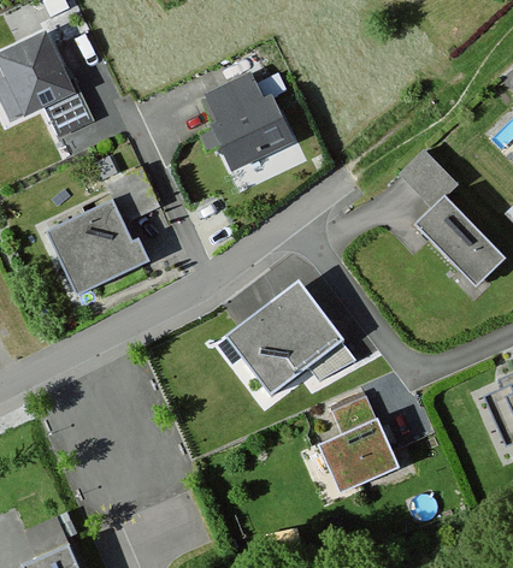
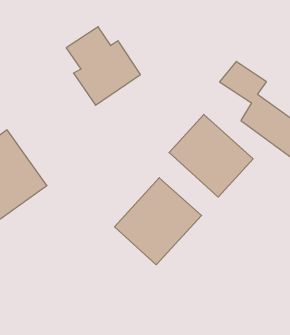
building: none -> [169,114,253,197]
building: [323,394,401,497] -> none

